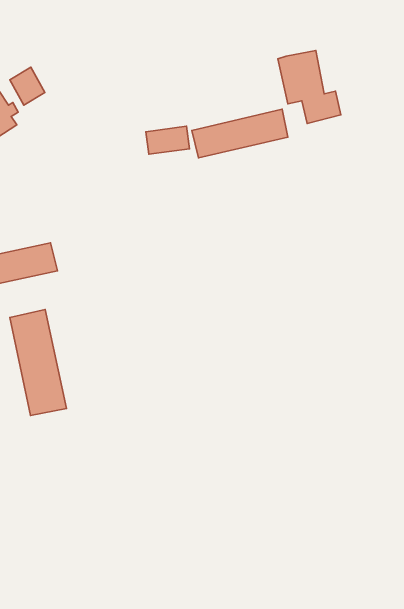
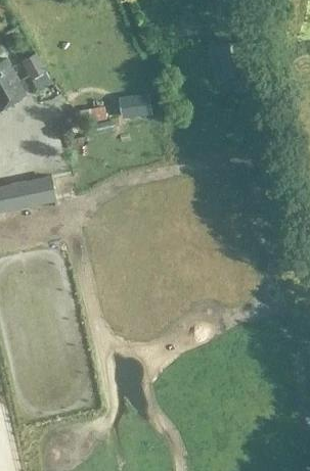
building: [192,109,288,158] -> none
building: [10,309,66,415] -> none

